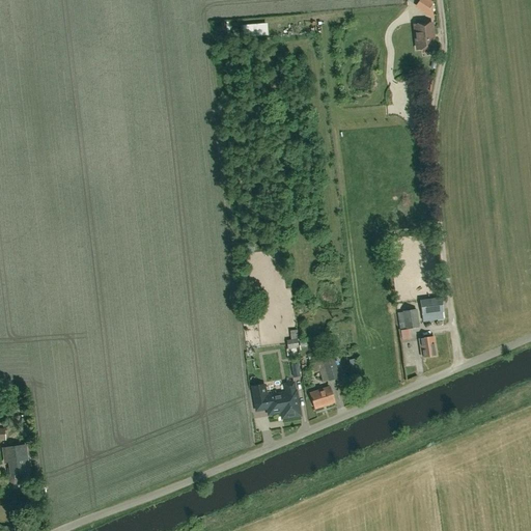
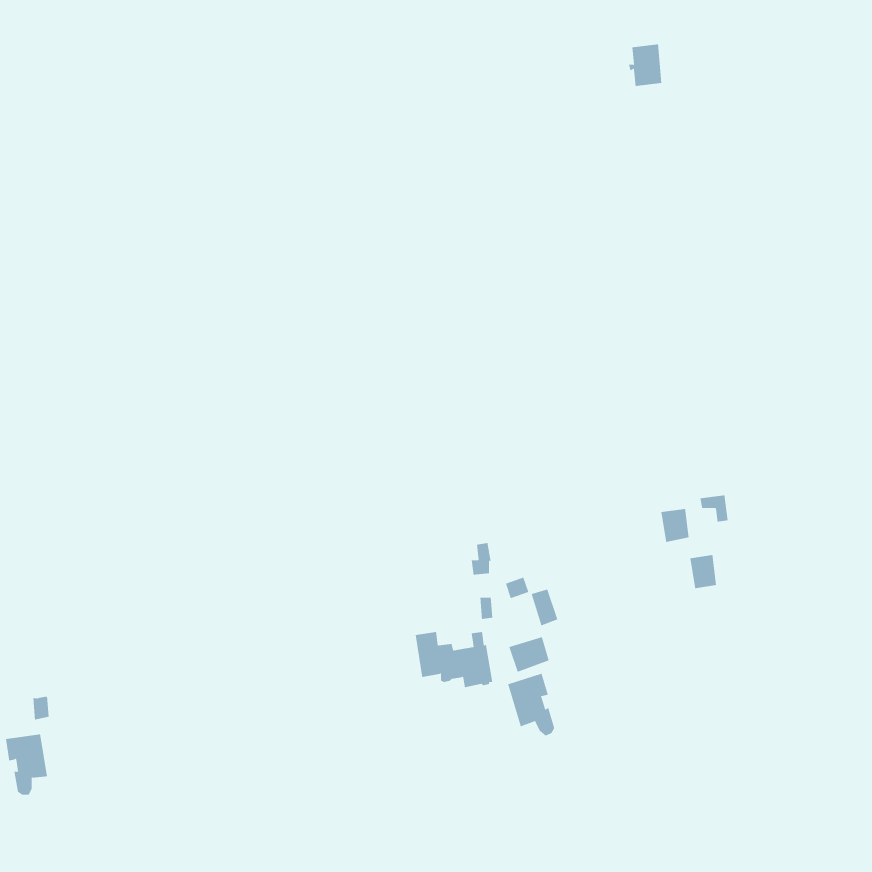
building: [413,24,434,50] -> [628,44,662,86]
building: none -> [508,673,555,737]

